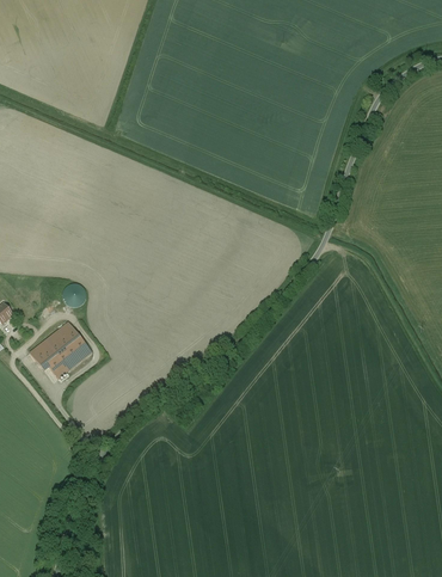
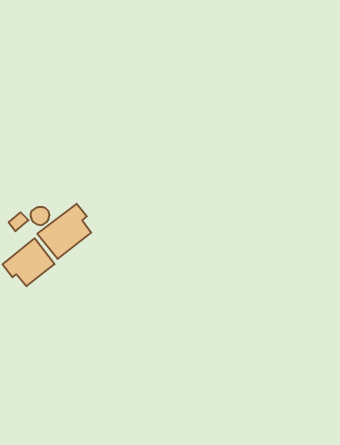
building: none -> [37,204,91,259]

